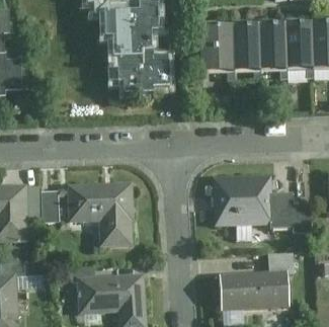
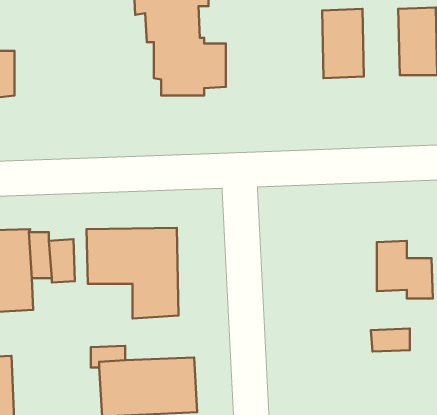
building: [261,27,287,75] -> none
building: [200,28,234,76] -> none
building: [213,174,271,225] -> none
building: [220,269,290,308] -> none

